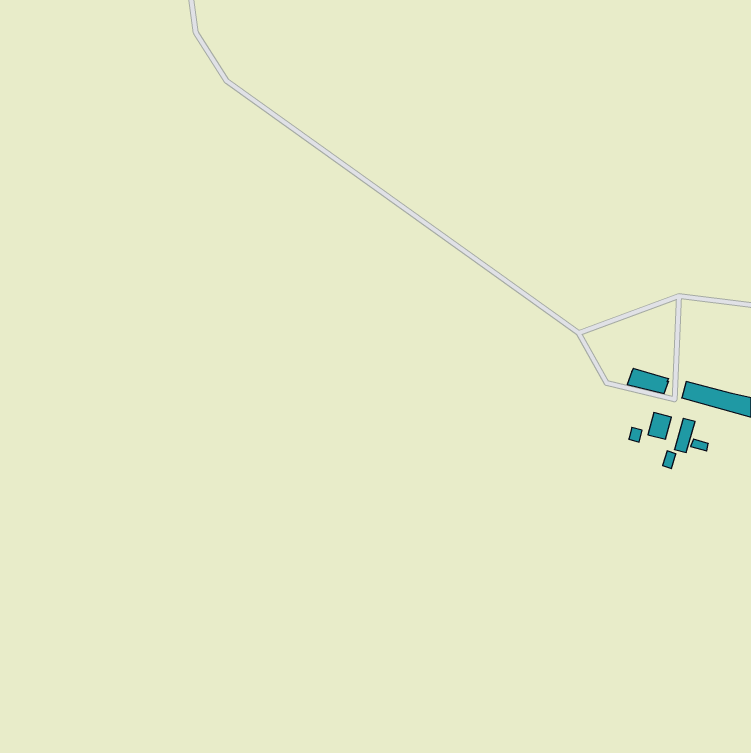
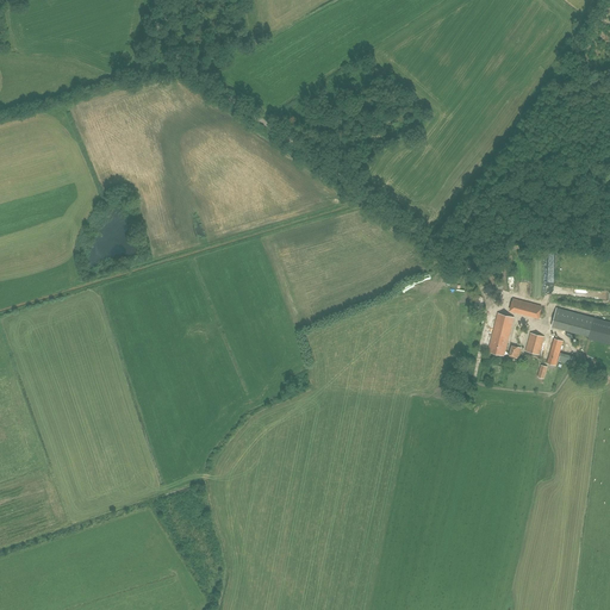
building: none -> [487,313,513,355]

